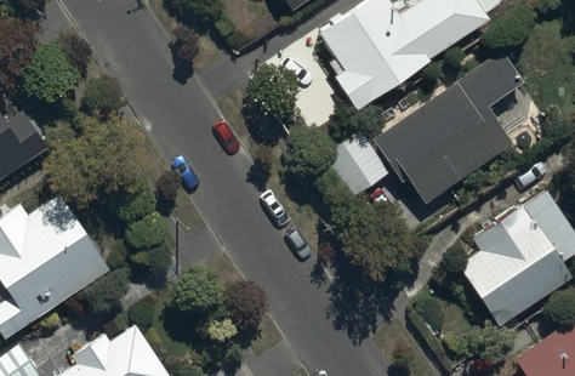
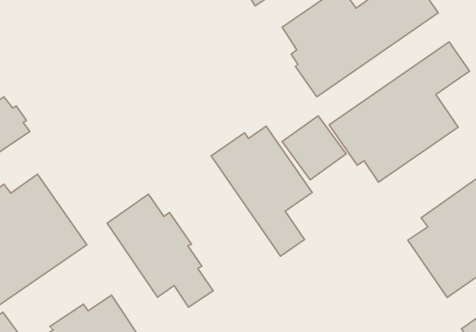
building: none -> [211,126,312,256]
building: none -> [107,194,213,307]

